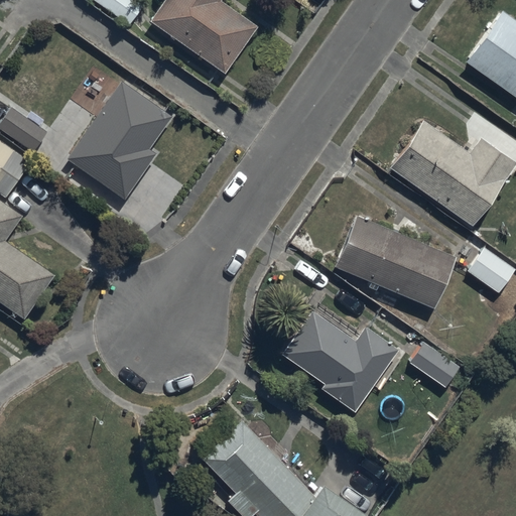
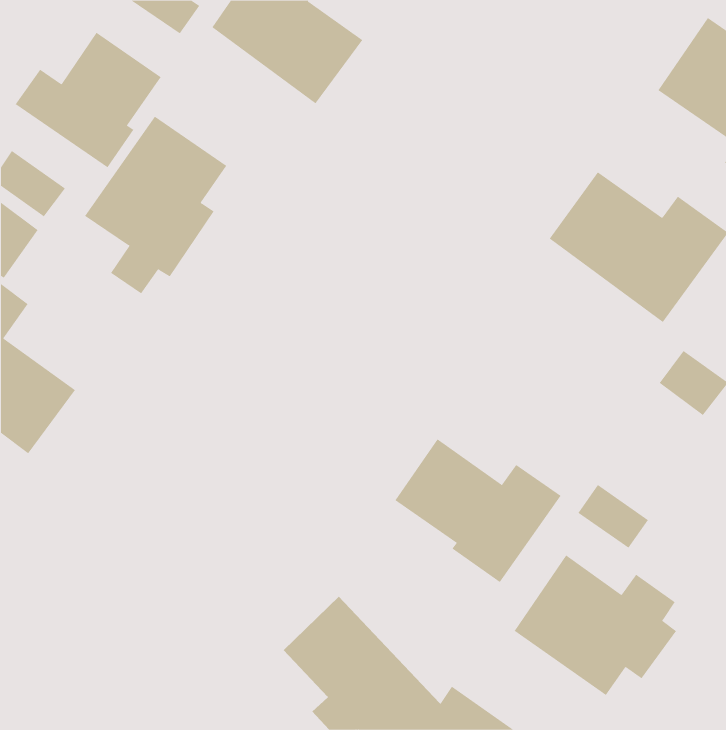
building: none -> [15,32,161,168]
building: [335,216,456,307] -> none
building: none -> [514,555,677,696]

